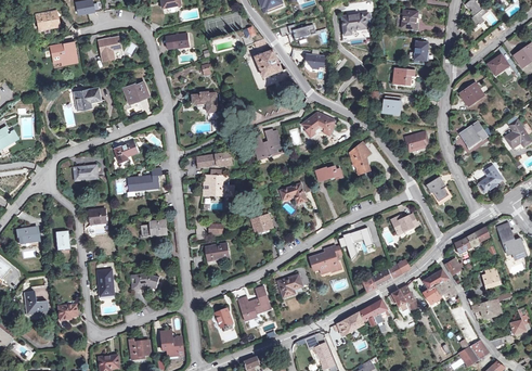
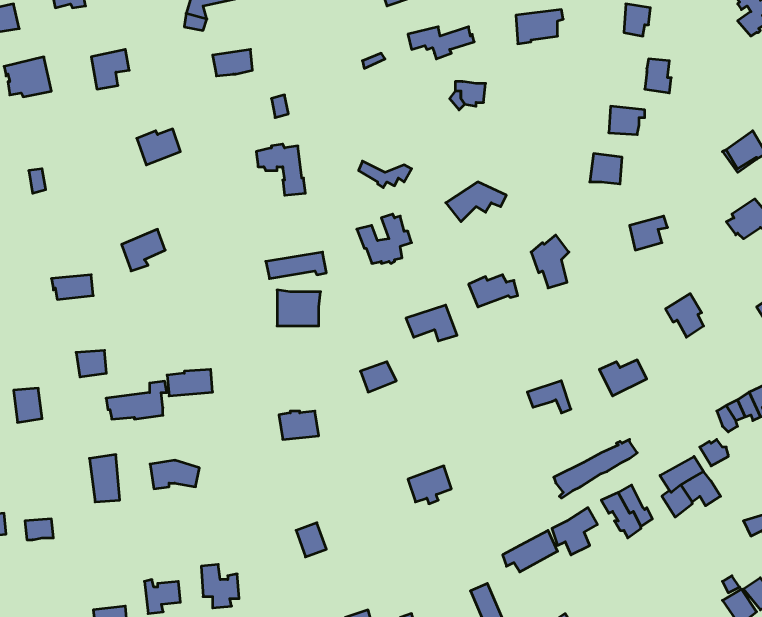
building: [254,49,281,77] -> none
building: [74,87,101,110] -> none
building: [128,168,163,190] -> [106,381,167,419]
building: [309,245,340,272] -> none
building: [239,286,269,319] -> none

